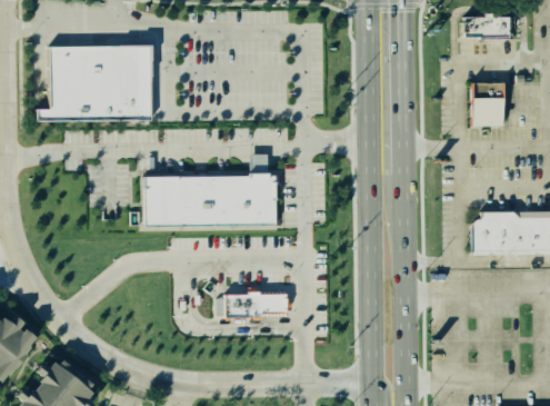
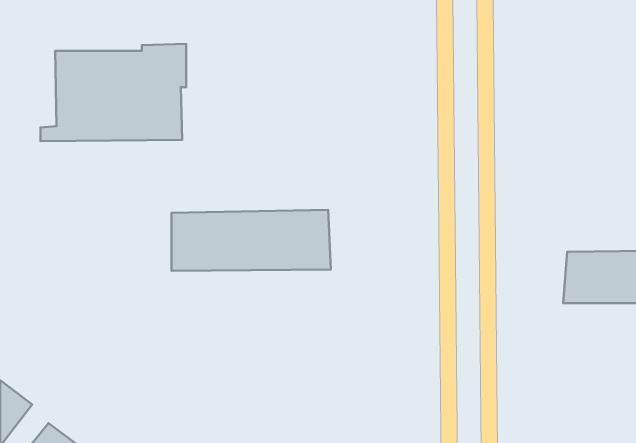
building: [460,14,512,40] -> none
building: [464,81,503,127] -> none
building: [220,290,289,318] -> none

